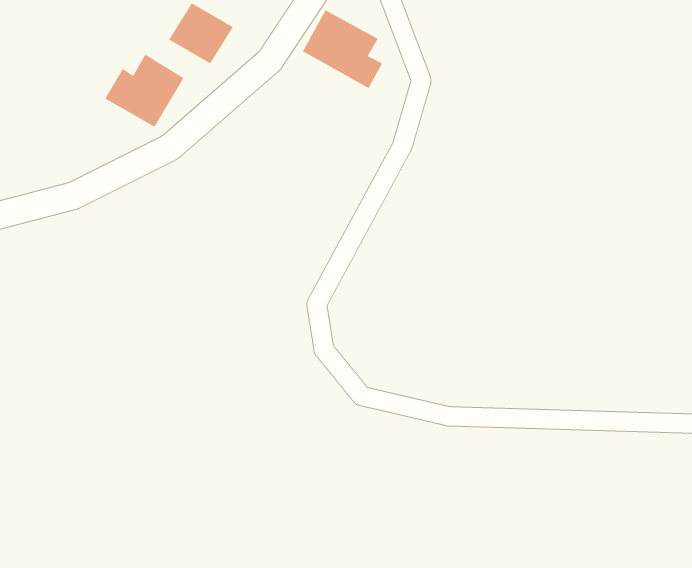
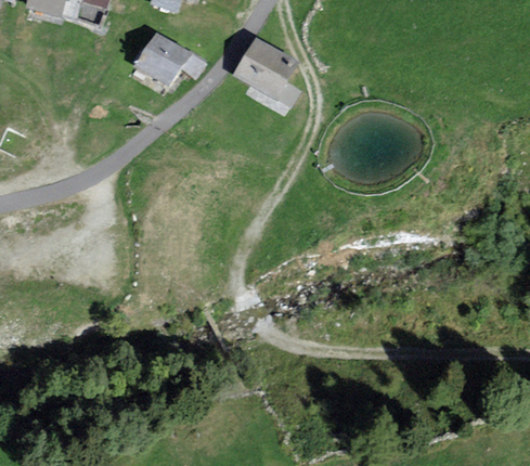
building: [104,53,184,128] -> none

